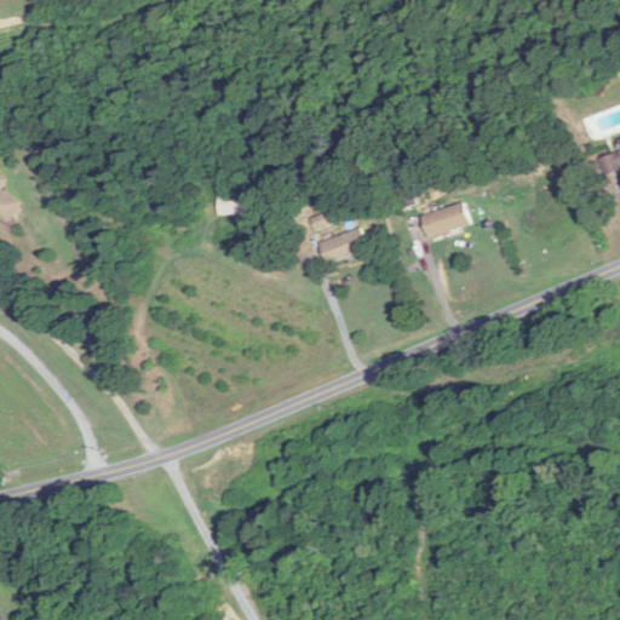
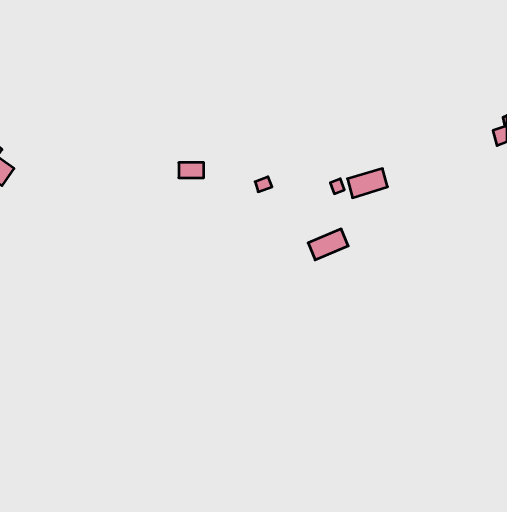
building: [316,228,364,265] -> [308,229,348,260]

